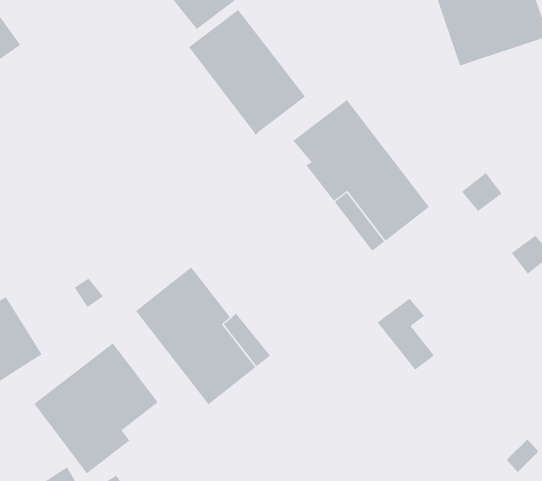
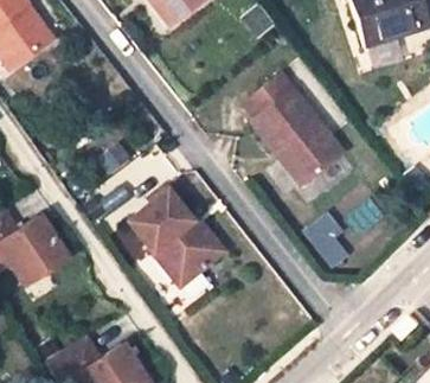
building: [188,9,306,136] -> none
building: [34,342,158,474] -> none

